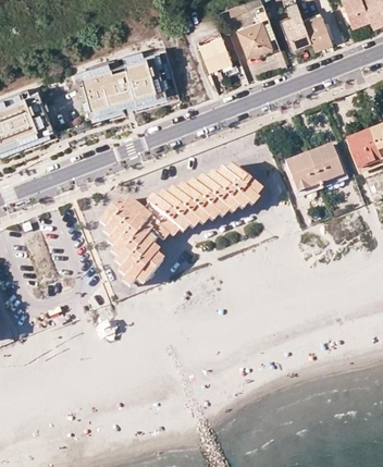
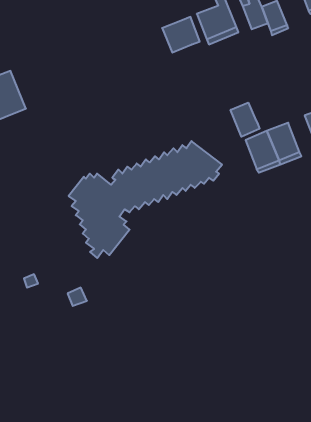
building: [70,49,166,115] -> none
building: none -> [231,103,260,137]

